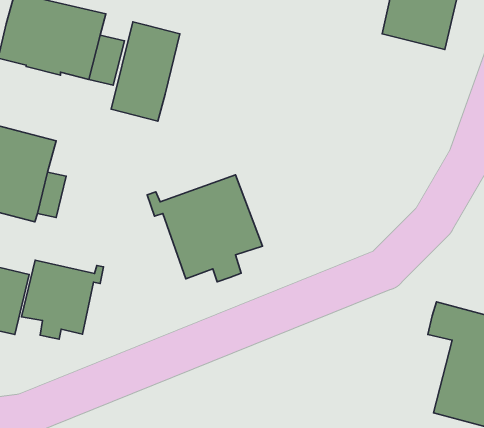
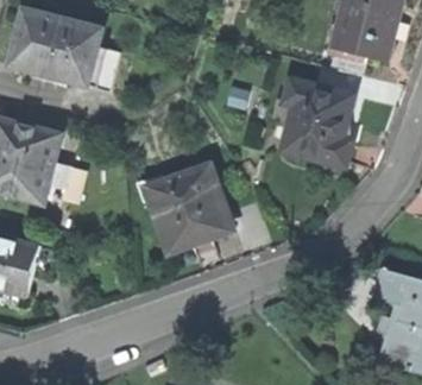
building: [111,22,180,121] -> none
building: none -> [272,77,352,163]
building: [21,260,104,339] -> none

